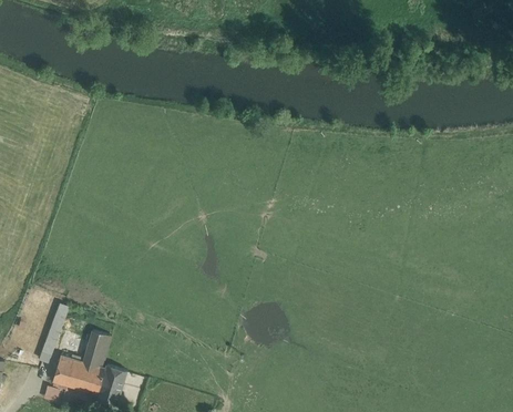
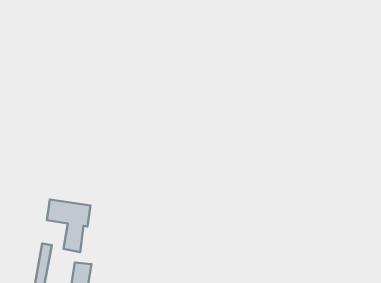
building: none -> [47,199,90,252]

